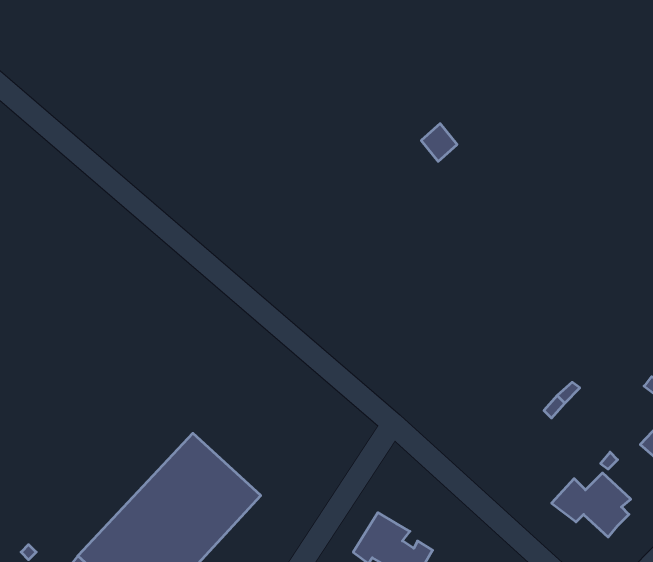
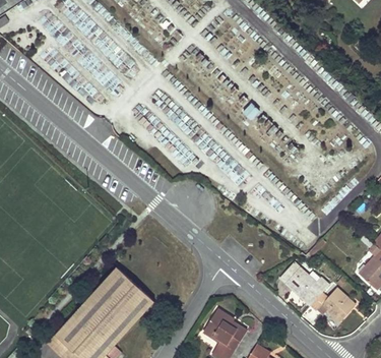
building: none -> [280,263,328,306]

